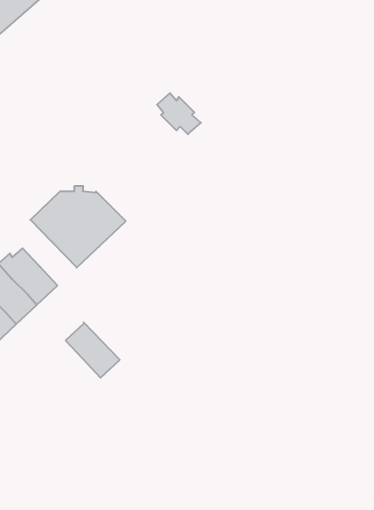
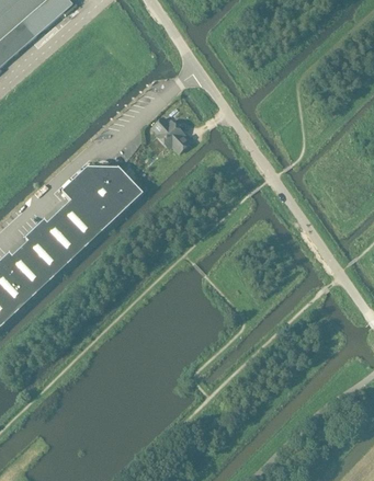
building: [157,93,201,134] -> [151,115,189,150]
building: [66,322,120,378] -> [55,198,101,245]

